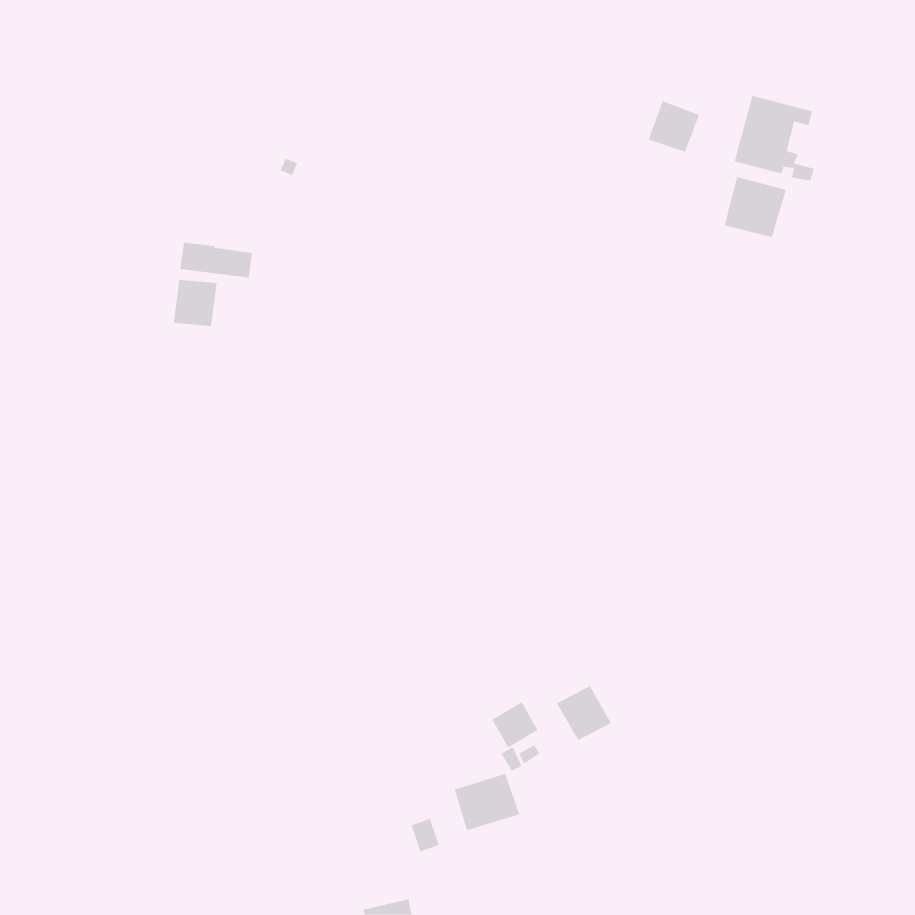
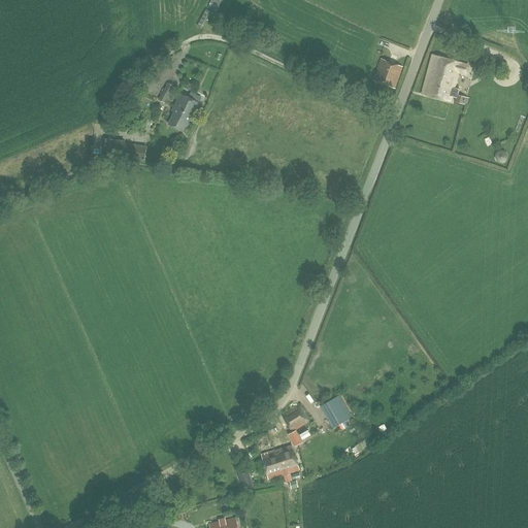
building: none -> [167,93,199,130]
building: [724,176,787,238] -> none
building: [173,279,217,327] -> none

